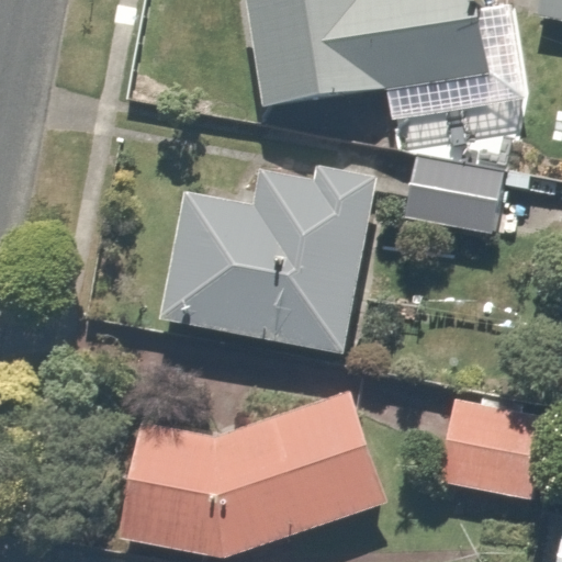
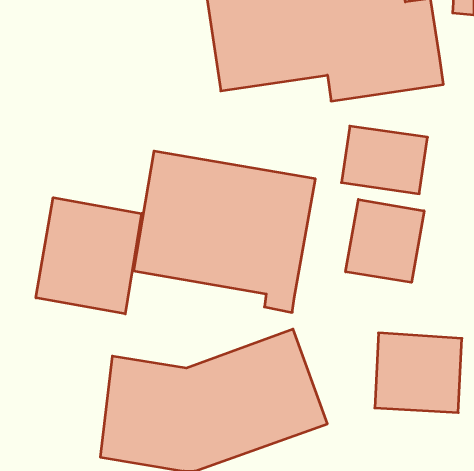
building: none -> [36,198,142,314]
building: none -> [346,199,424,282]

